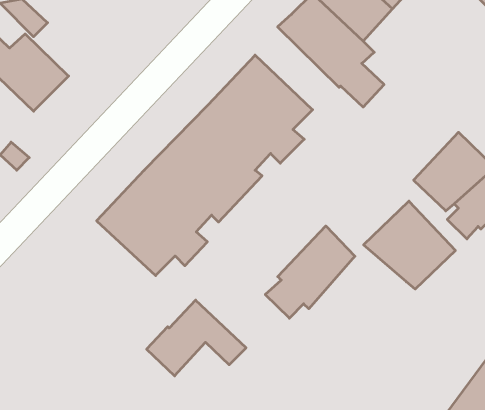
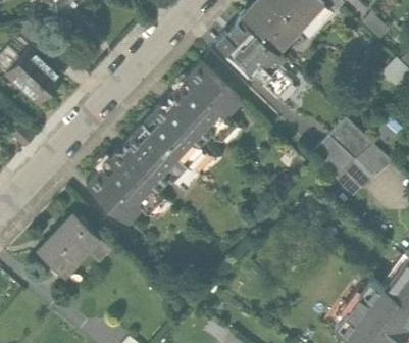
building: [364,201,455,289] -> none
building: [265,226,355,318] -> none
building: [147,300,246,376] -> [39,217,111,273]

